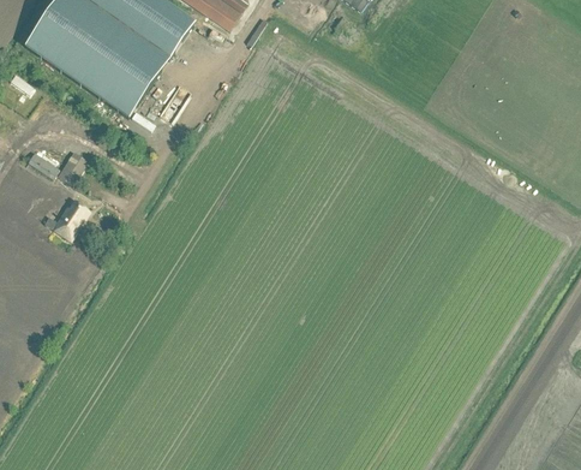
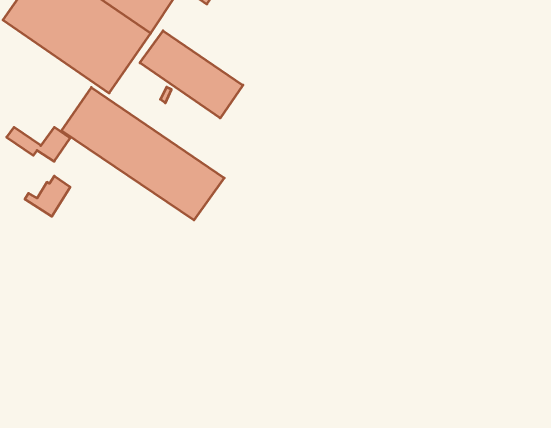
building: none -> [140,31,243,118]
building: none -> [62,87,224,220]

